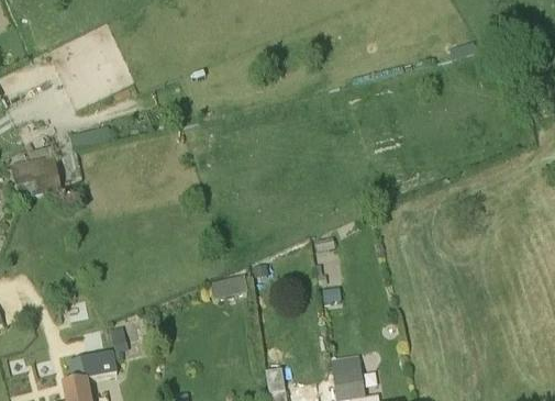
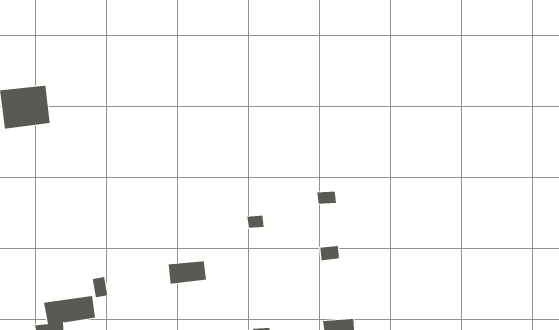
building: [210,275,247,299] -> [168,261,207,284]

